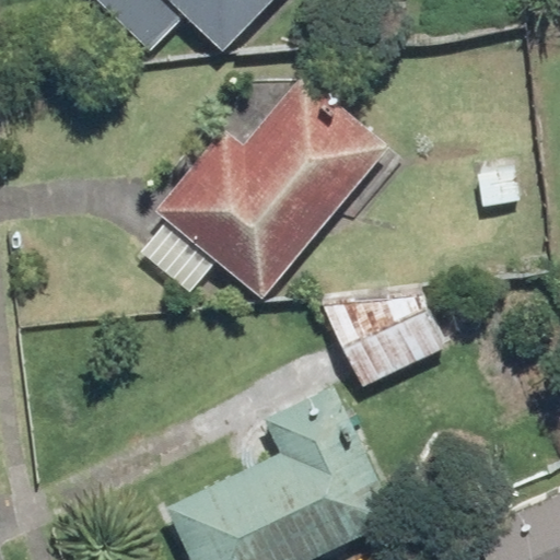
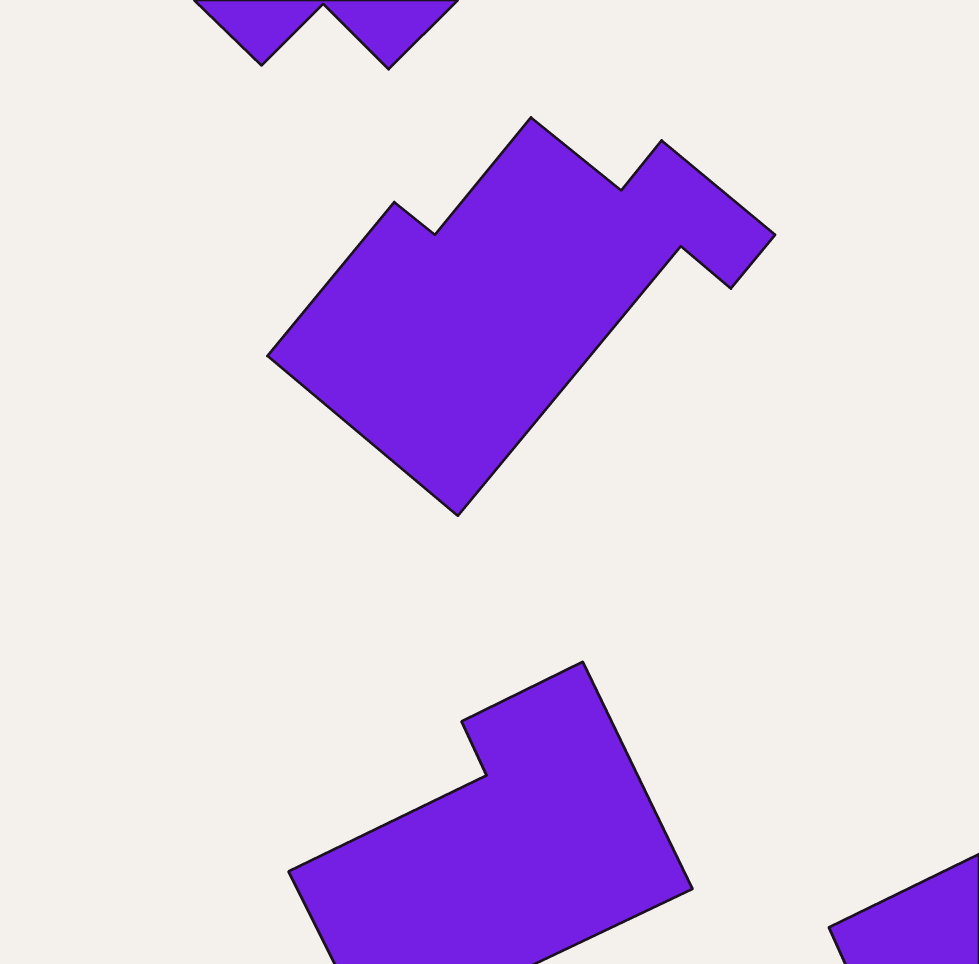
building: [327,290,444,389] -> none

